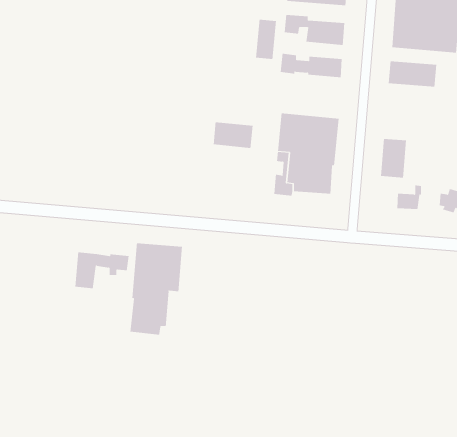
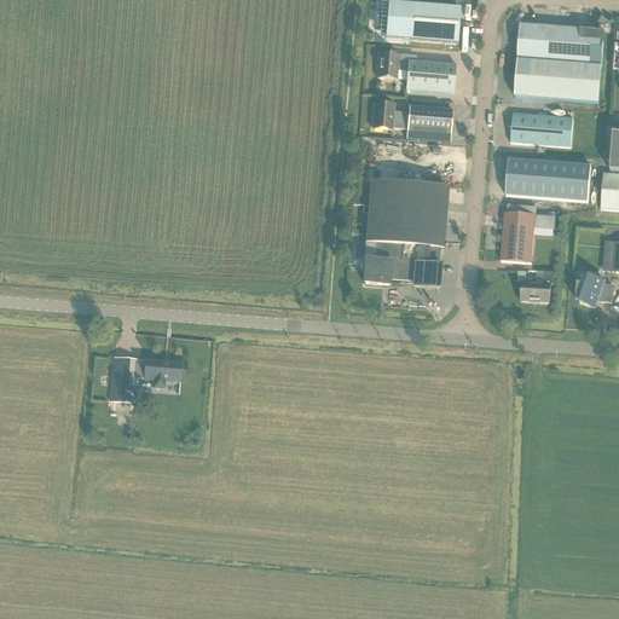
building: [256,19,276,60] -> none
building: none -> [507,156,591,199]
building: [213,121,253,149] -> none
building: [130,243,182,335] -> none

